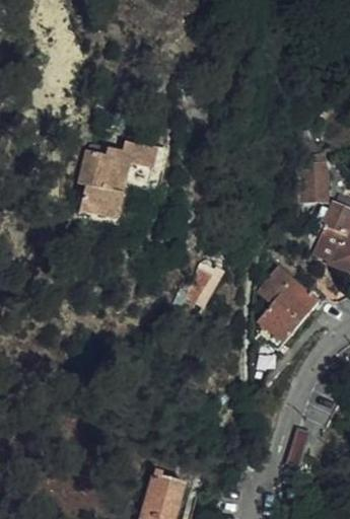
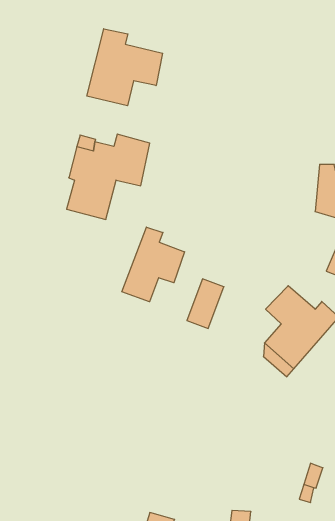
building: none -> [87,29,163,106]
building: none -> [122,227,185,302]

